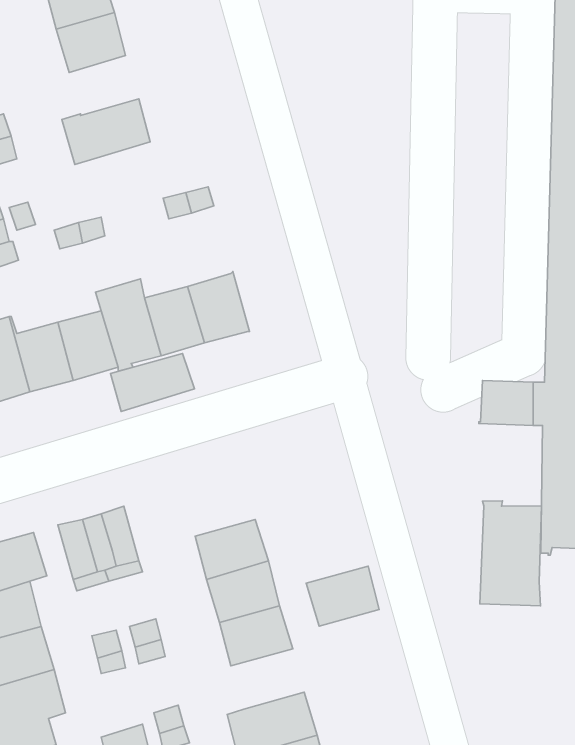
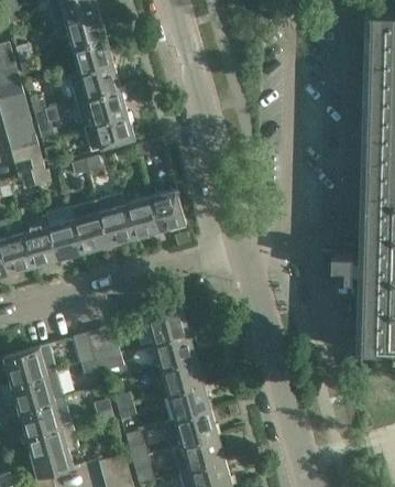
building: none -> [80,63,121,98]
building: none -> [84,113,135,153]
building: [110,353,194,411] -> none
building: none -> [146,307,189,345]
building: [480,501,541,606] -> none
building: [306,566,379,626] -> [175,411,218,446]

